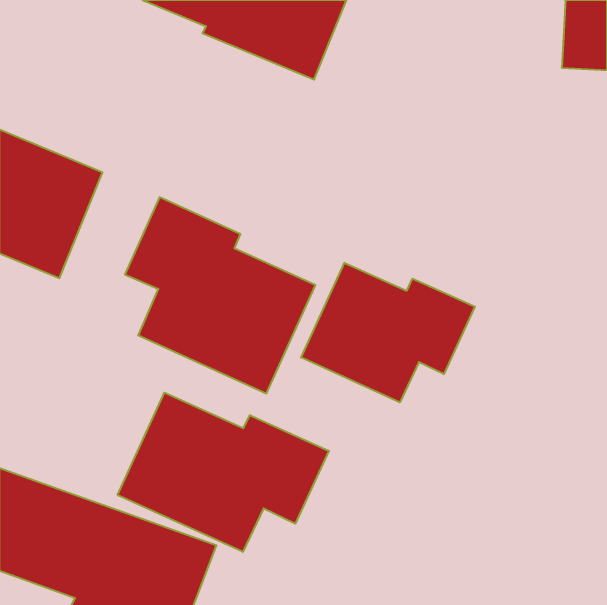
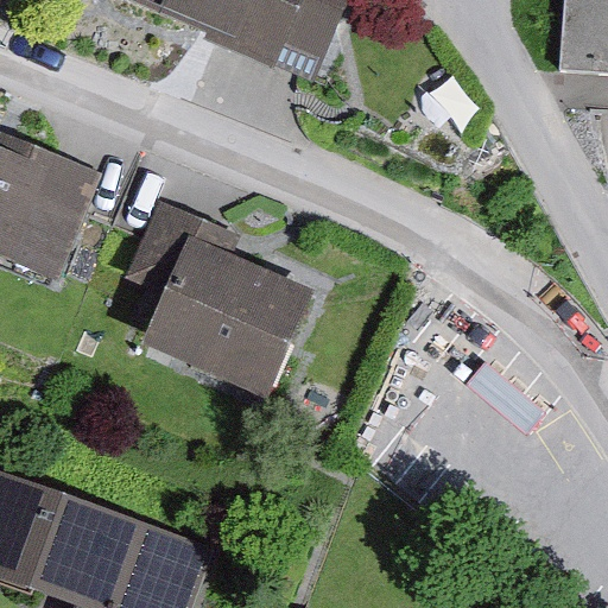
building: [301,263,475,402] -> none
building: [118,393,329,552] -> none

